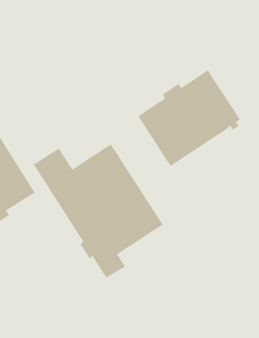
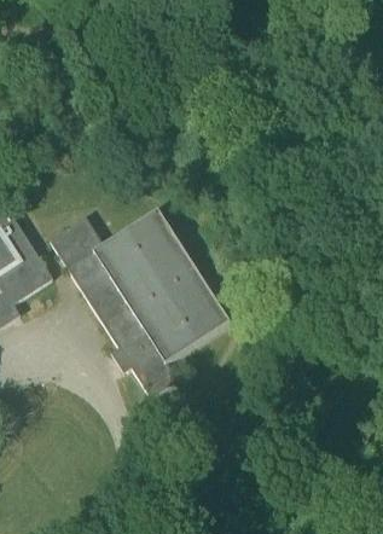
building: [138,70,240,167] -> none

